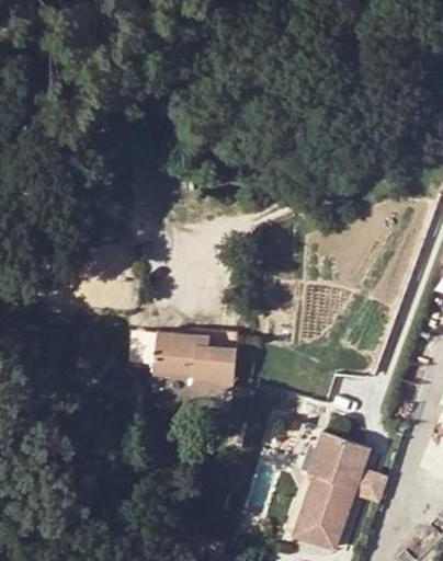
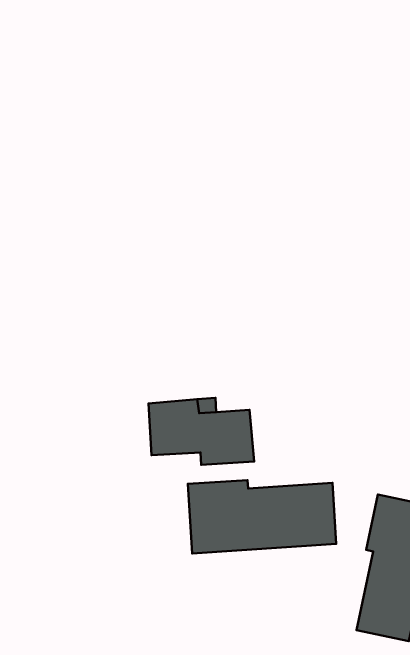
building: none -> [188,480,336,553]

